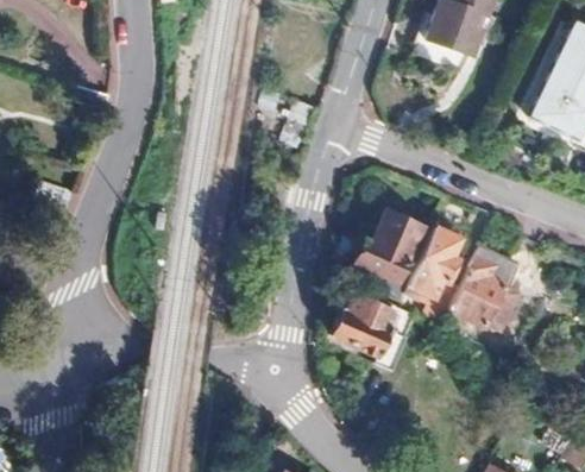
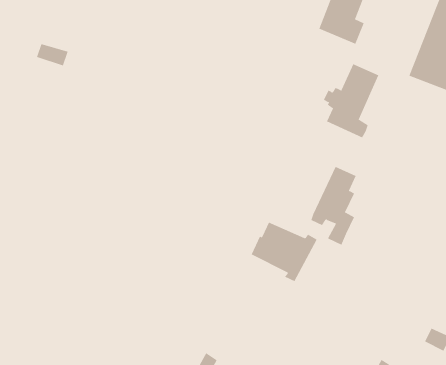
building: [353,209,421,300] -> [323,64,379,138]
building: [449,245,518,329] -> none

